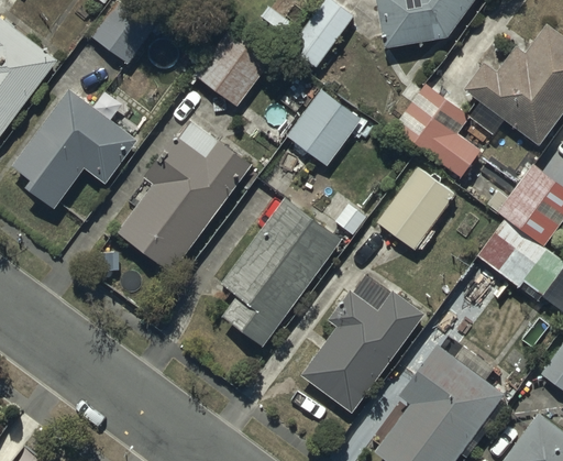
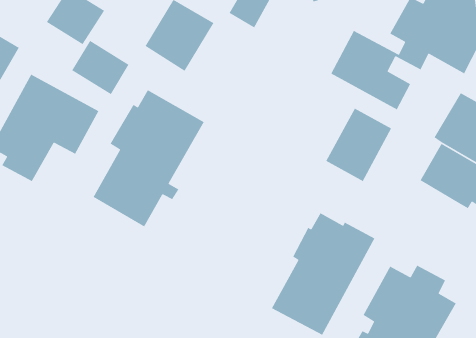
building: none -> [71,40,130,95]
building: [287,89,375,171] -> none
building: [220,197,341,344] -> none

